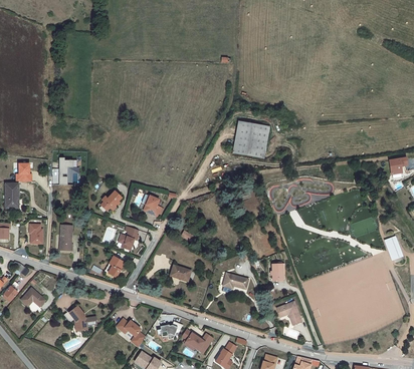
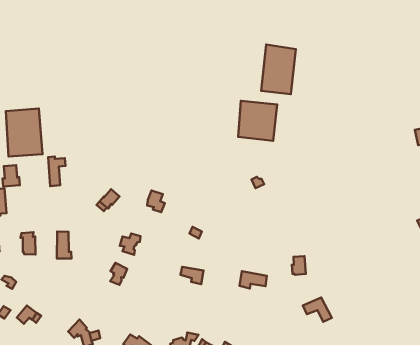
building: none -> [261,44,296,94]
building: none -> [6,108,42,157]

